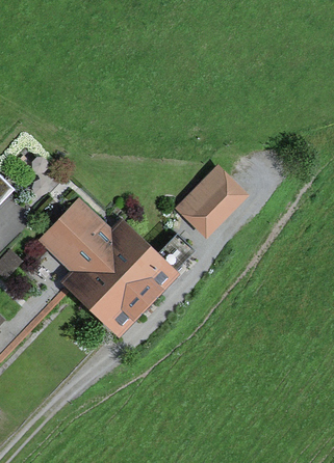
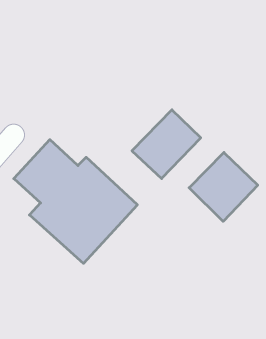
building: none -> [189,152,258,221]

